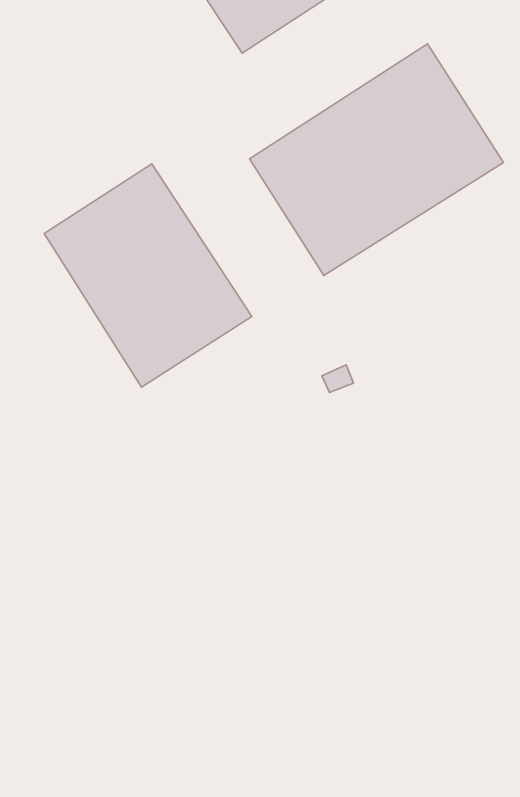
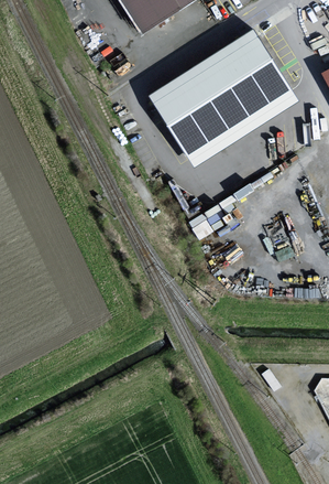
building: [44,164,252,387] -> none

